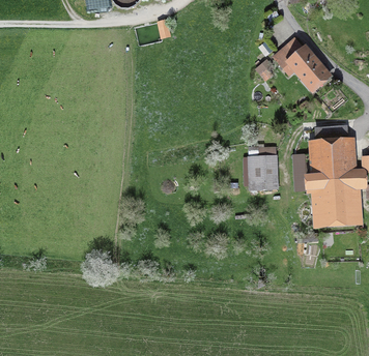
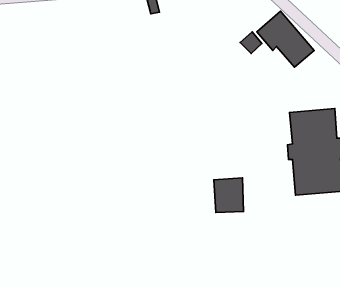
building: [246,153,277,189] -> [214,178,243,212]

